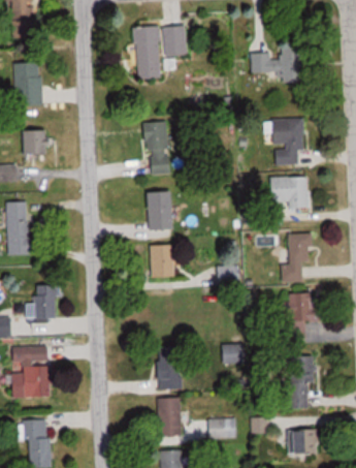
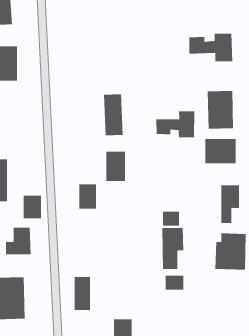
building: [134,26,187,80] -> none
building: [23,130,51,154] -> none
building: none -> [156,110,195,138]
building: [152,245,174,276] -> [78,184,97,209]
building: none -> [23,195,42,219]
building: [158,347,179,388] -> [74,277,91,310]
building: [287,356,315,408] -> [161,227,184,270]

